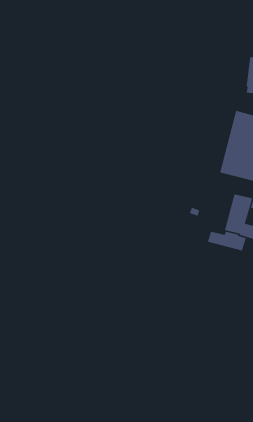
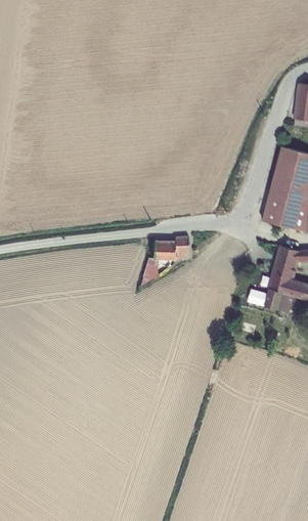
building: none -> [138,243,186,295]

